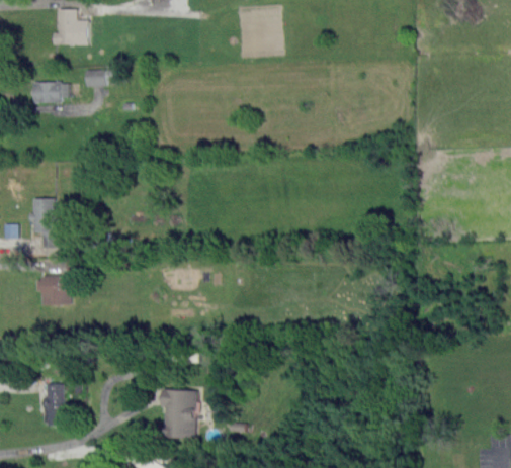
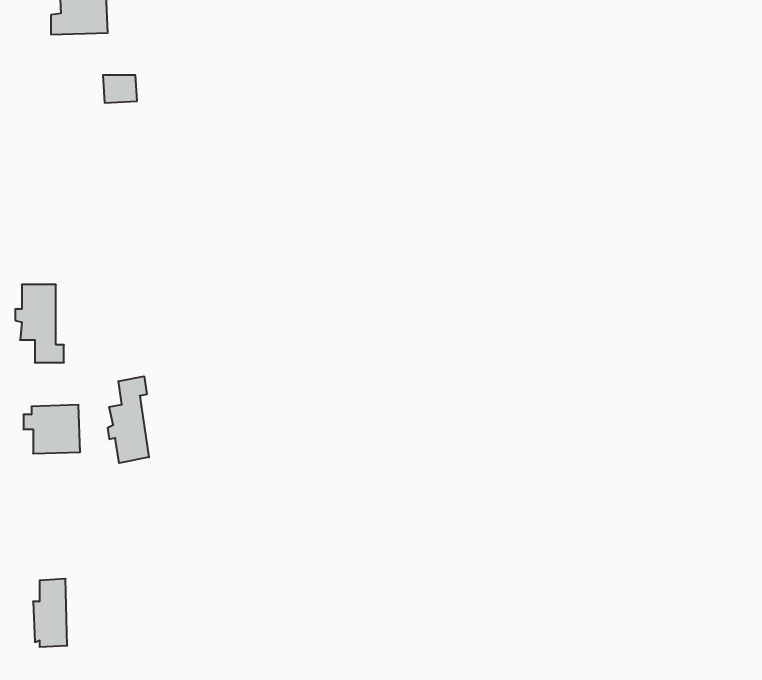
building: [31,81,67,103] -> none
building: none -> [108,376,149,463]
building: [162,388,196,437] -> none

